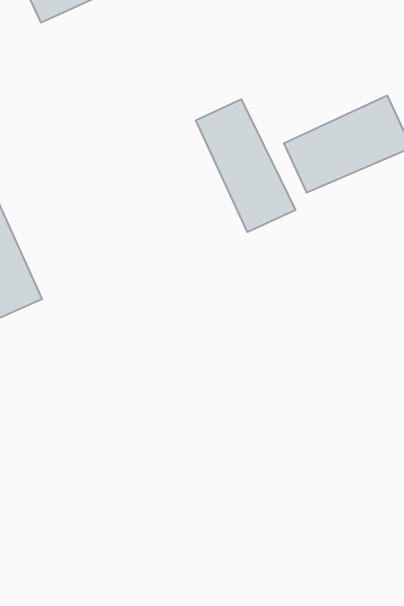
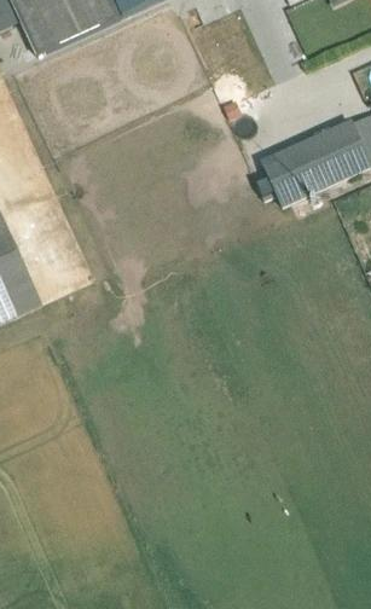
building: [196,99,295,232] -> none

